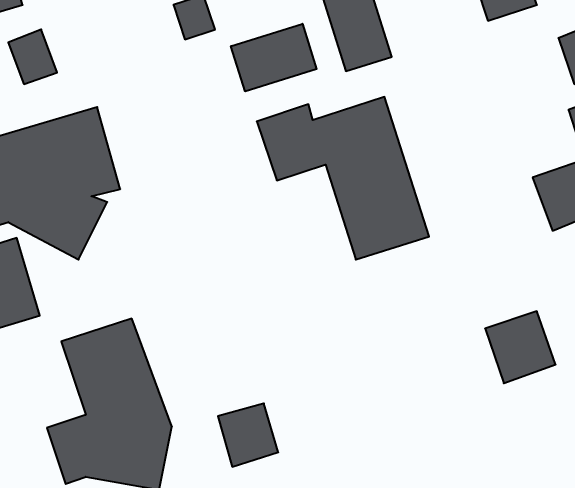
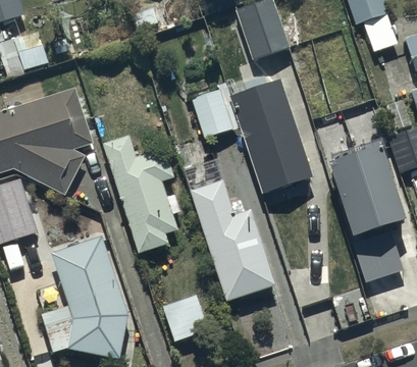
building: [231,24,317,91] -> none
building: none -> [103,135,183,253]
building: none -> [331,143,407,234]
building: none -> [190,178,275,301]

